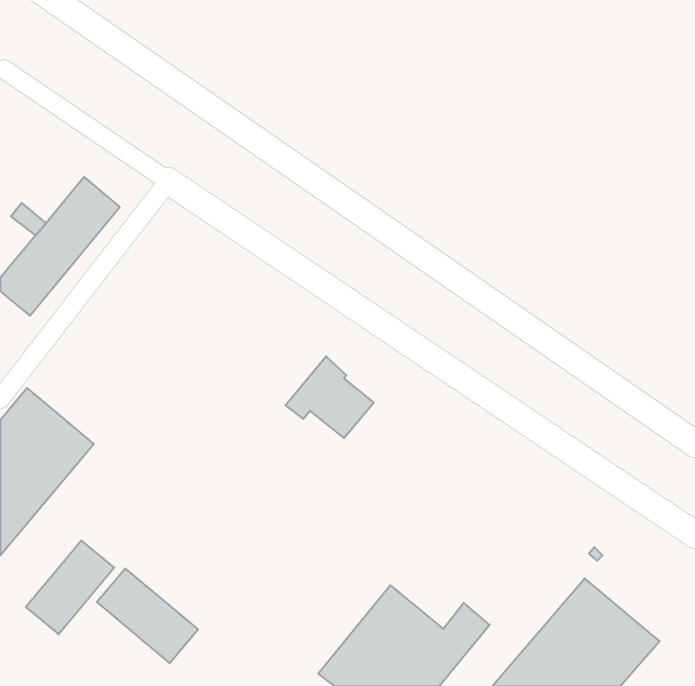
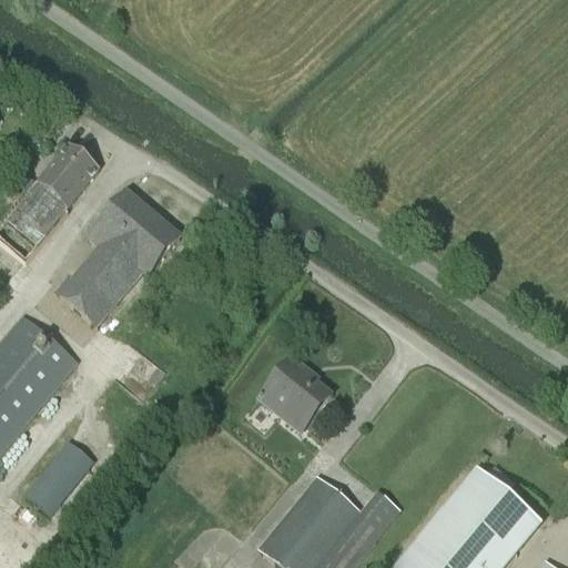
building: none -> [55,193,180,325]
building: [285,356,374,438] -> [260,357,332,424]
building: [97,568,198,663] -> none

